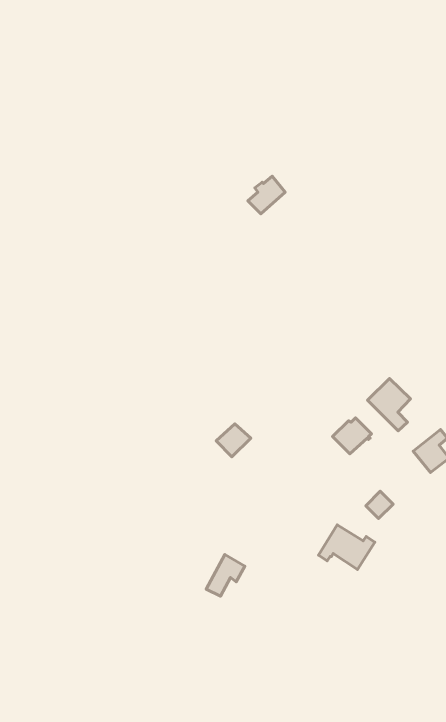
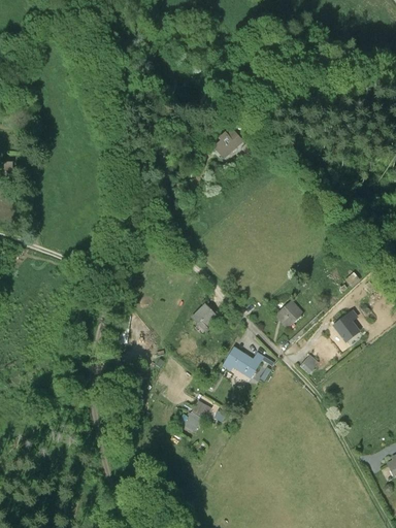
building: [367,378,411,431] -> none
building: [319,525,375,569] -> [223,345,263,377]

